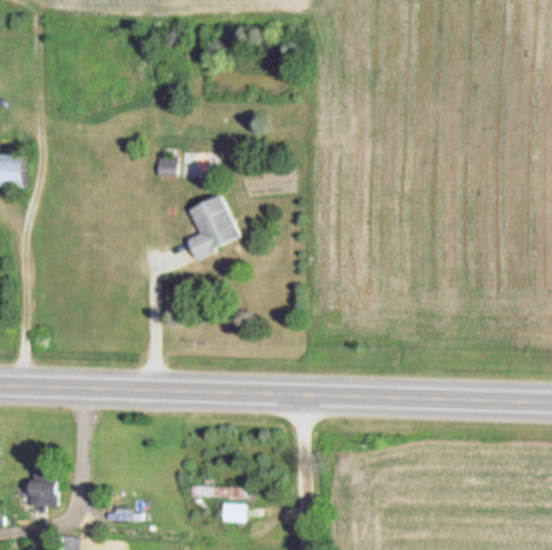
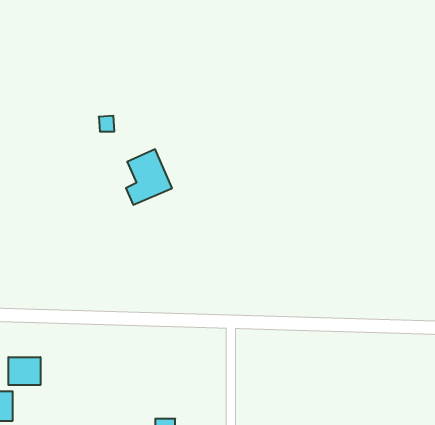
building: none -> [8,357,40,385]

